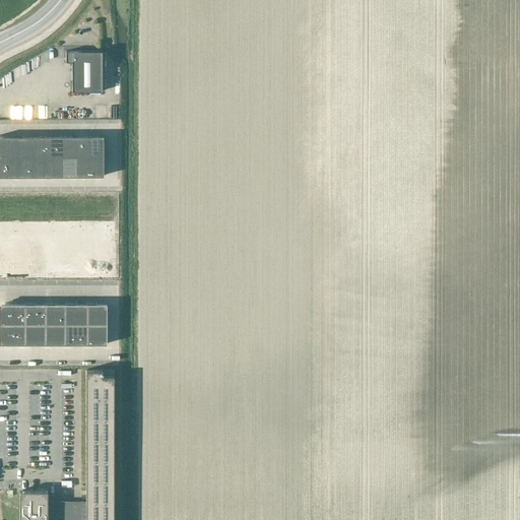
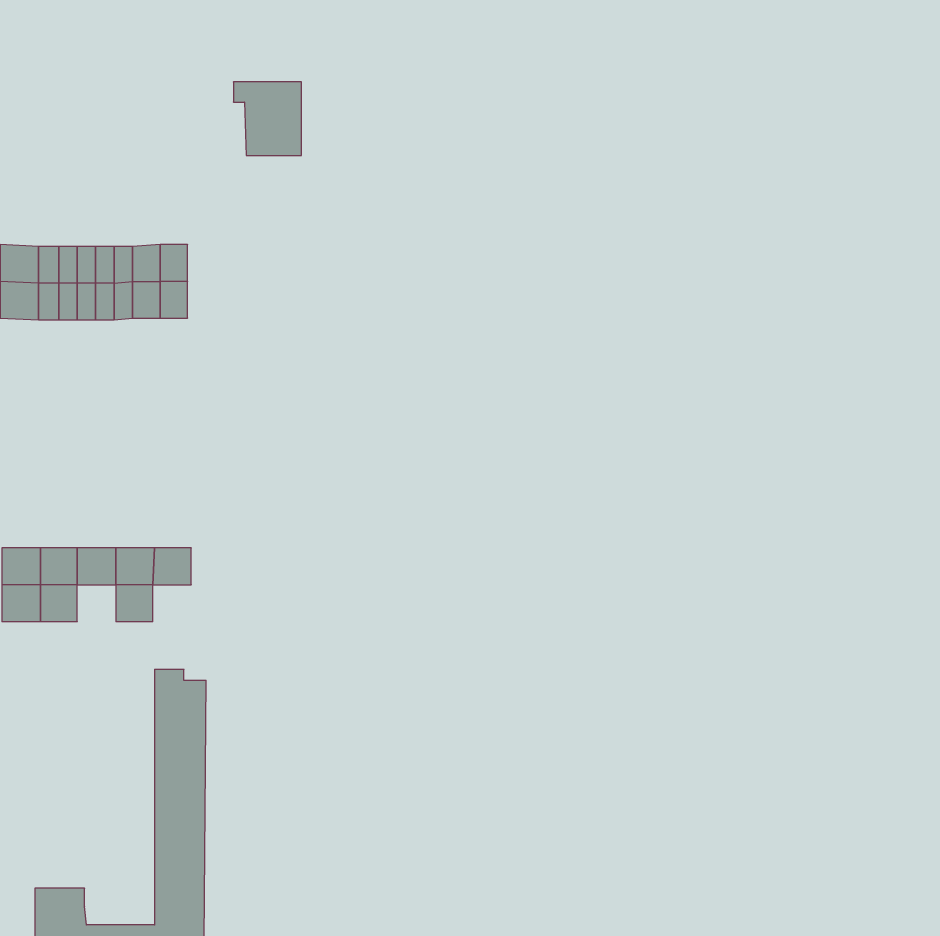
building: [65,53,103,93] -> [233,82,301,155]
building: [43,325,64,345] -> none
building: [84,325,106,345] -> none

